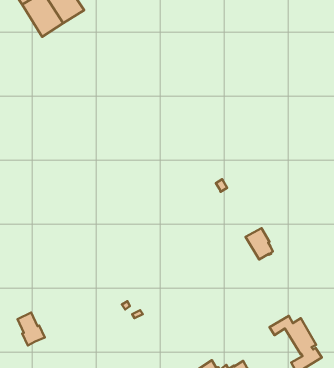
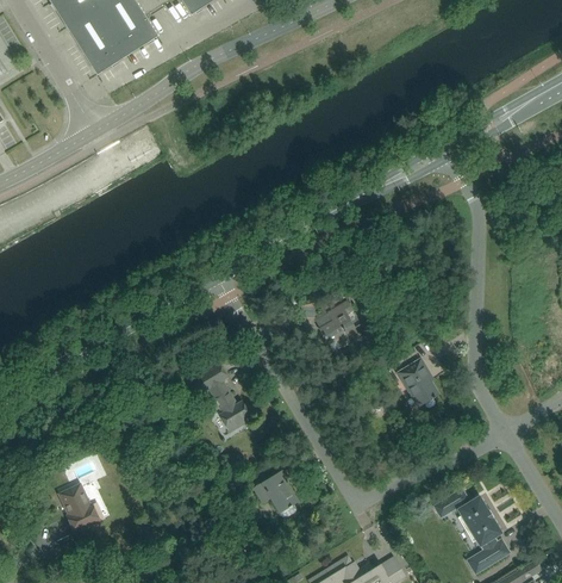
building: none -> [319,300,366,346]
building: none -> [182,361,252,432]
building: none -> [254,469,299,516]

